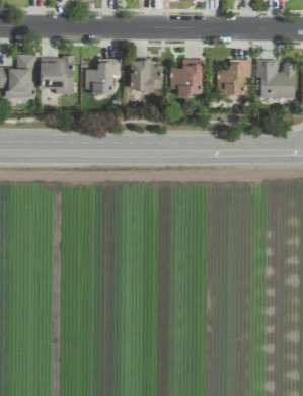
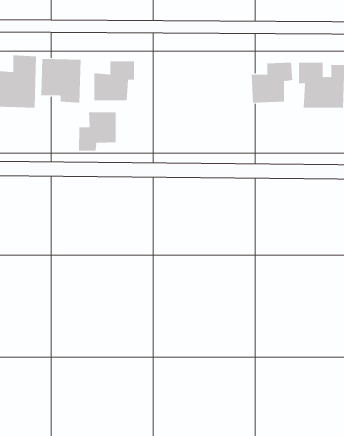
building: [130,59,162,91] -> none
building: [170,59,203,95] -> none
building: none -> [79,111,116,152]

